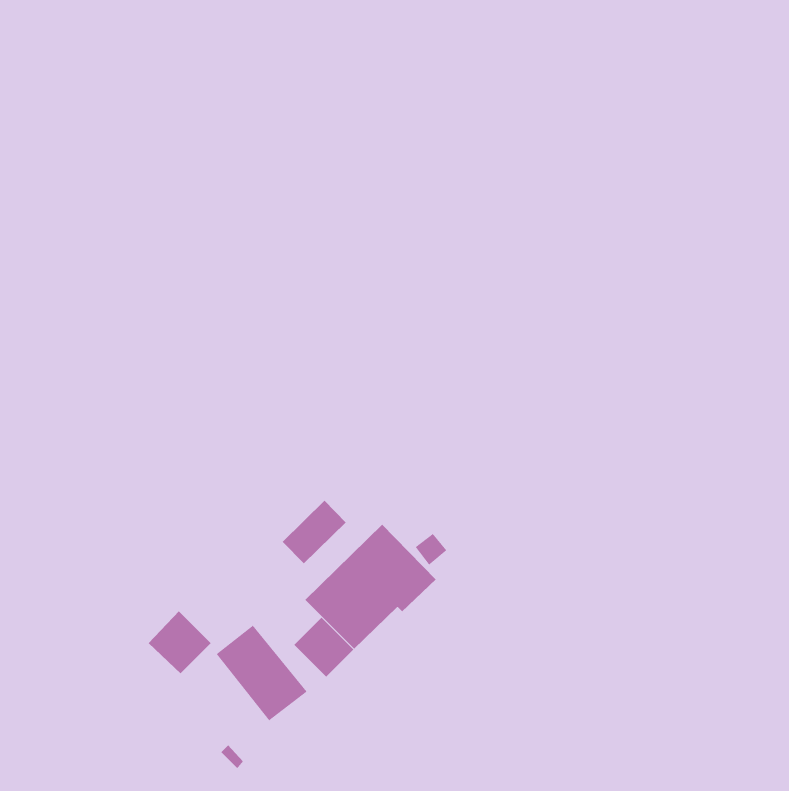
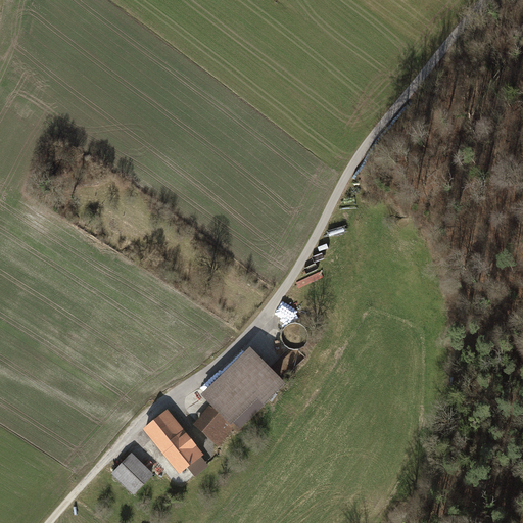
building: [282,500,346,564] -> none
building: [148,610,212,674] -> [110,453,152,494]

